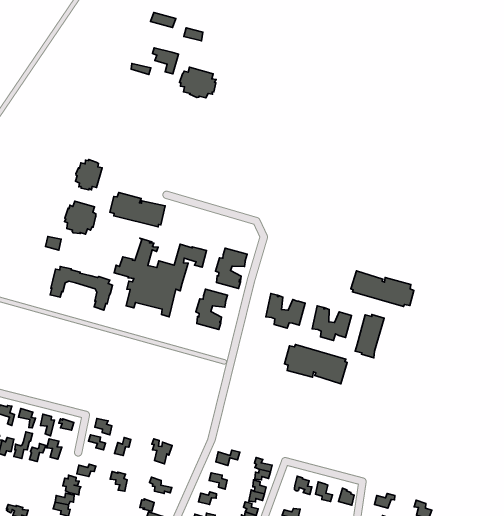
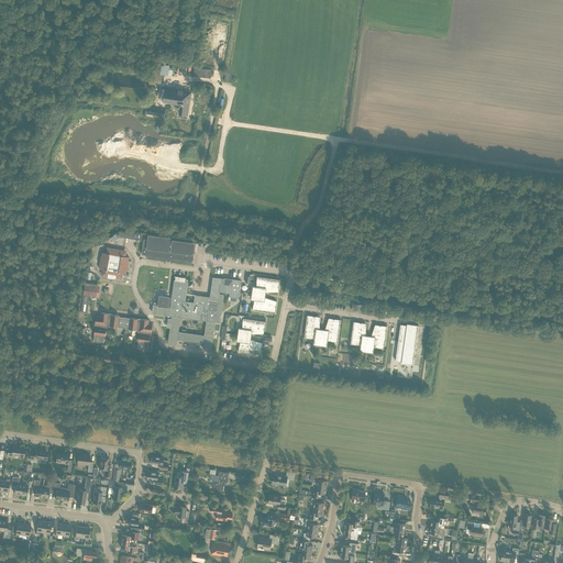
building: [179,67,216,98] -> none
building: [76,159,102,190] -> none
building: [351,271,414,307] -> none
building: [285,344,347,384] -> none

